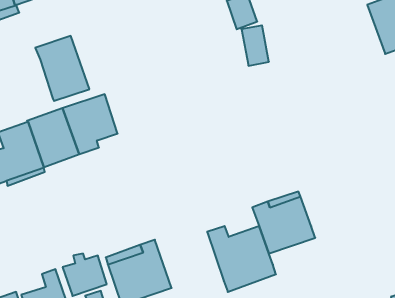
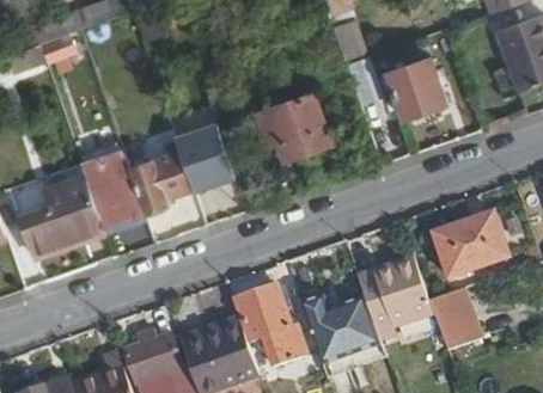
building: none -> [388,53,447,115]
building: [35,36,89,101] -> [171,110,237,189]
building: none -> [254,90,330,155]
building: none -> [434,215,508,277]
building: none -> [237,284,307,366]
building: none -> [428,288,477,348]

